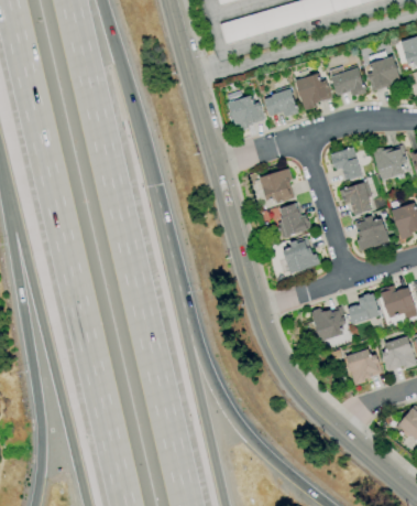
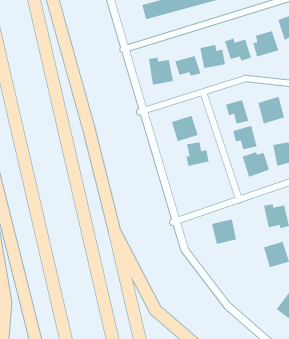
building: [281,237,316,273] -> none
building: [348,293,380,323] -> none
building: [345,349,383,384] -> none

